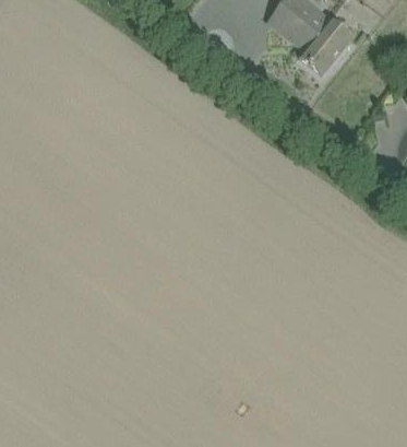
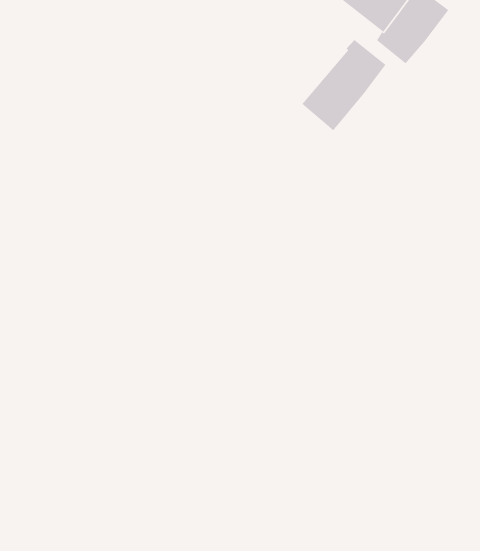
building: none -> [301,39,386,131]

